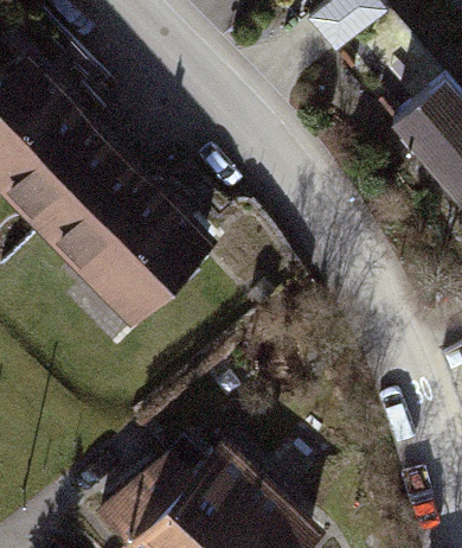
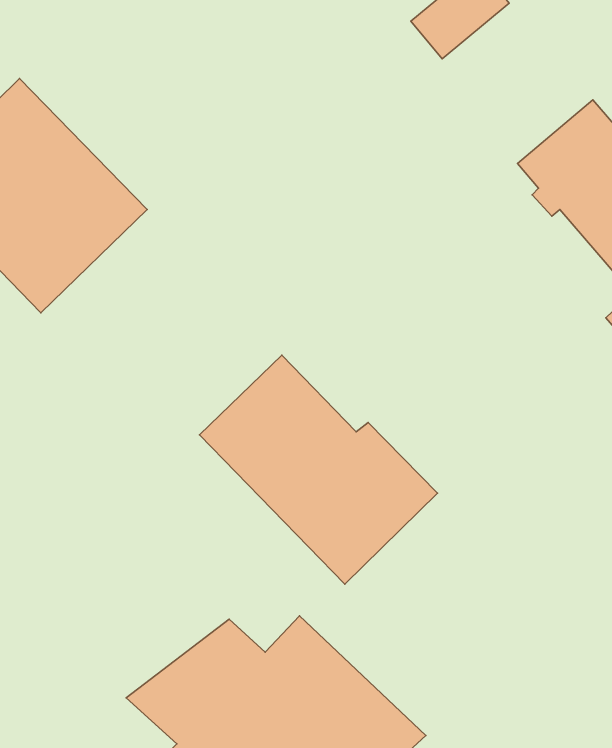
building: [43,155,212,317] -> none
building: none -> [199,355,437,584]

